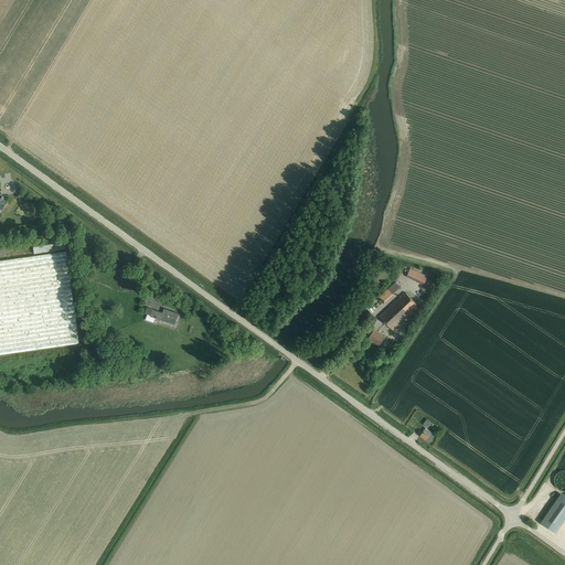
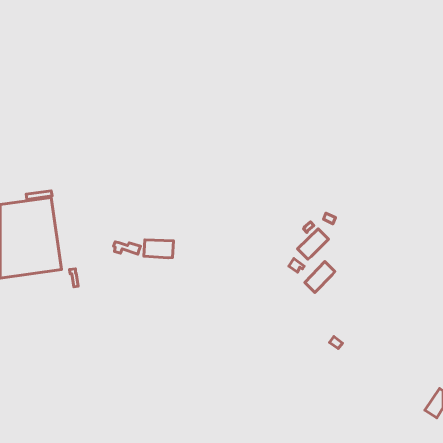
building: none -> [144,240,174,258]
building: none -> [305,261,335,292]

